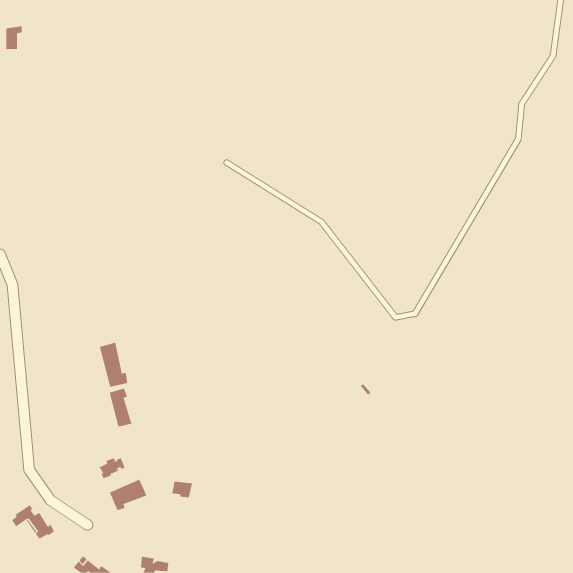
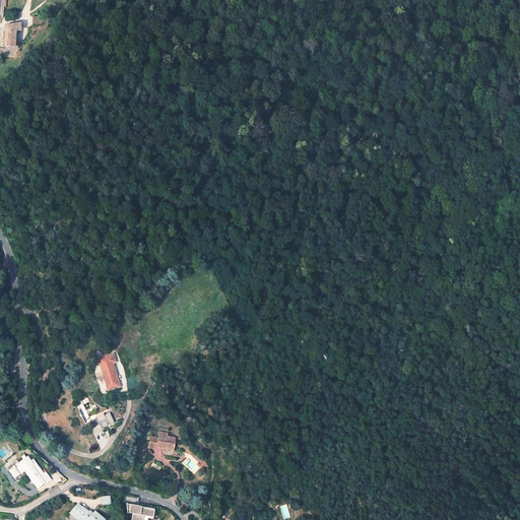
building: [99,342,128,387] -> none
building: [109,479,147,511] -> none

